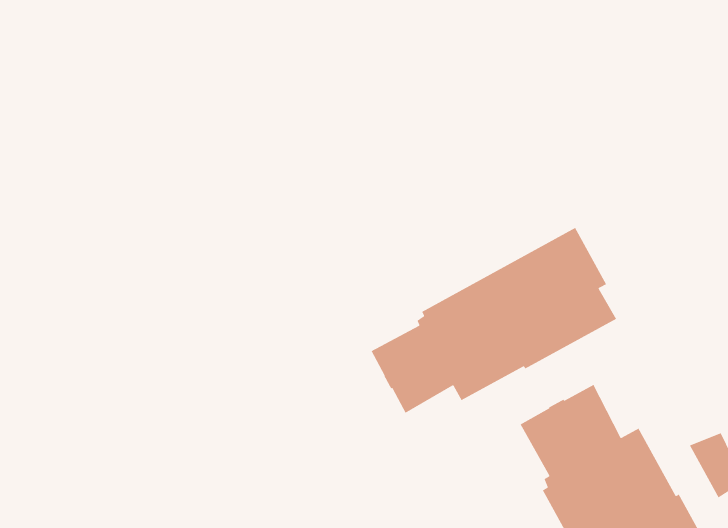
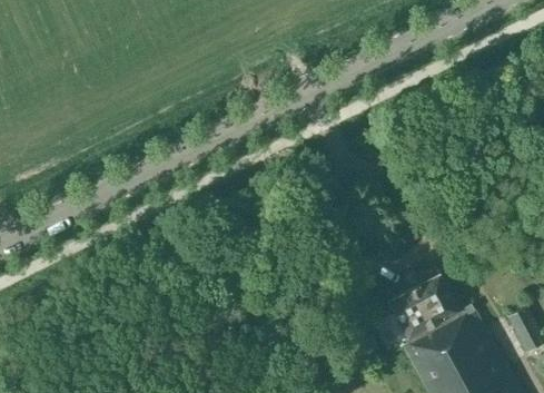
building: [370,227,617,414] -> none

